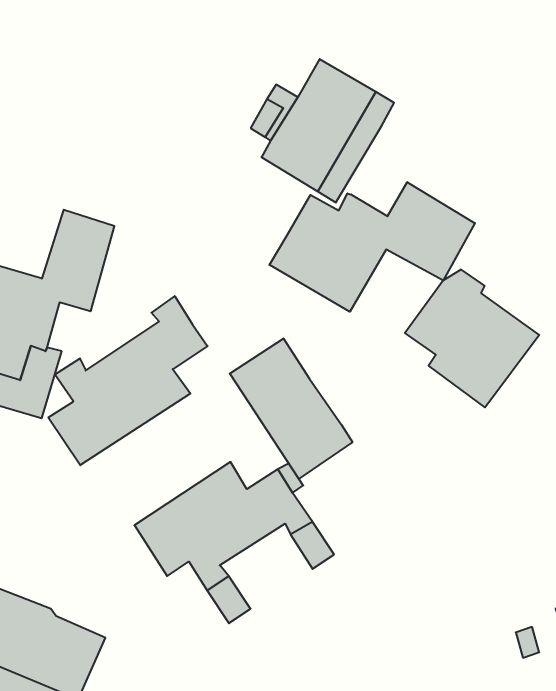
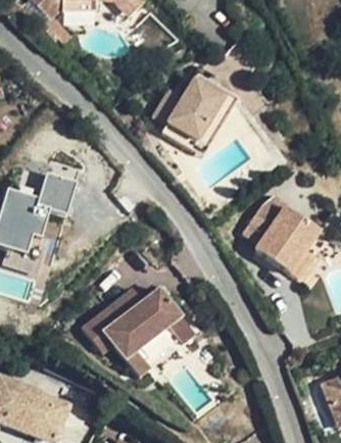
building: [269,182,475,312] -> none
building: [48,296,208,465] -> none
building: [230,338,352,479] -> none

